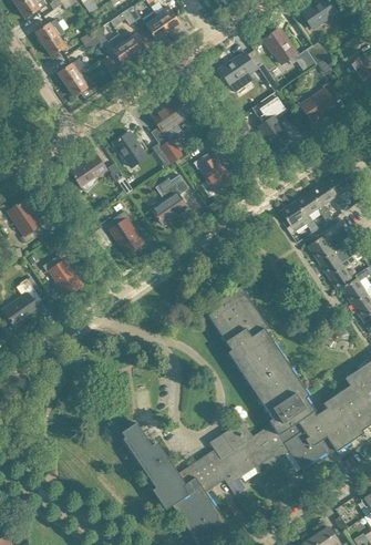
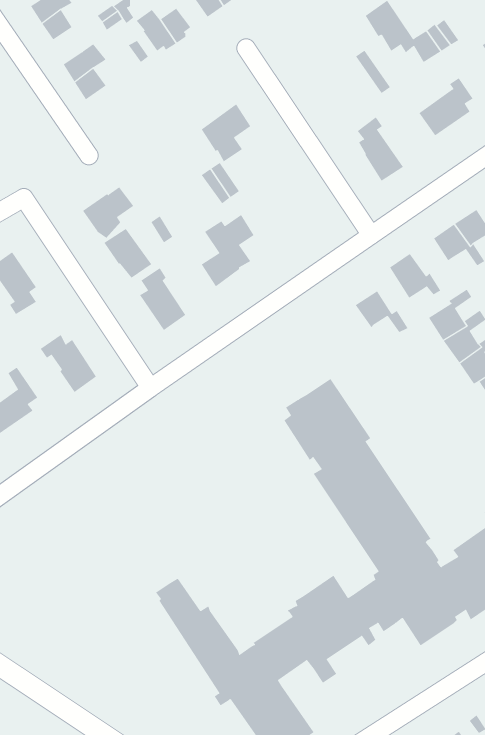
building: [219,53,255,91] -> none
building: [113,132,146,166] -> [103,228,152,279]
building: [193,153,231,192] -> none
building: [295,191,331,219] -> [355,291,408,333]

